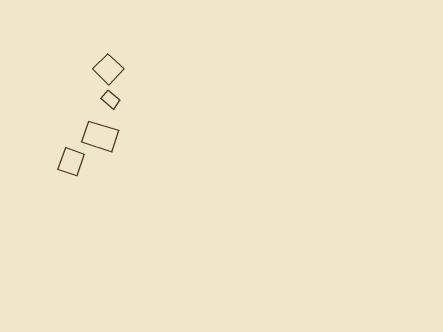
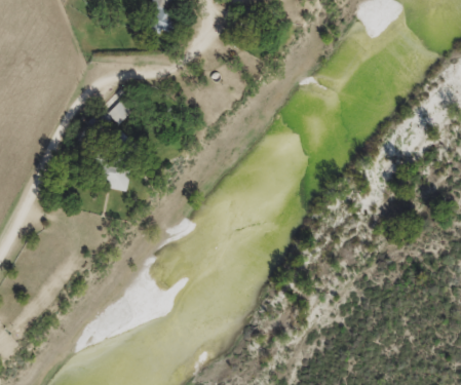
building: [58,147,84,176] -> none

